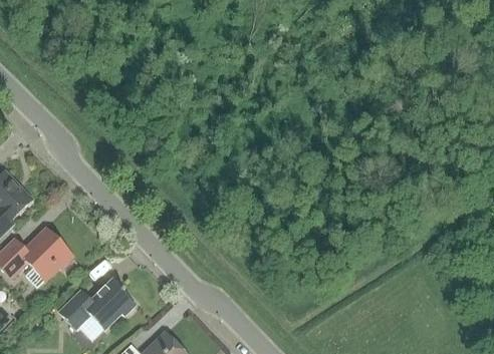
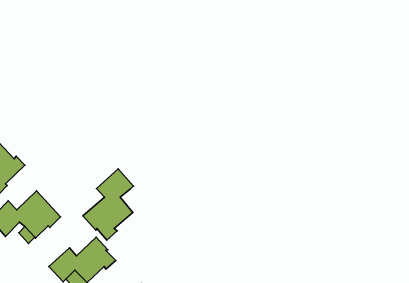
building: none -> [83,169,134,240]

